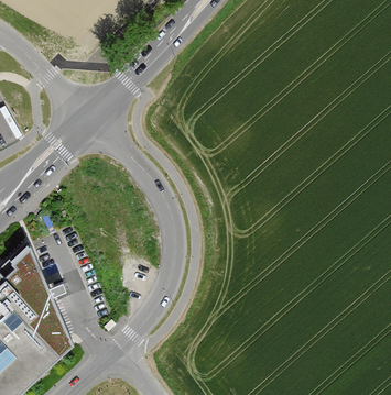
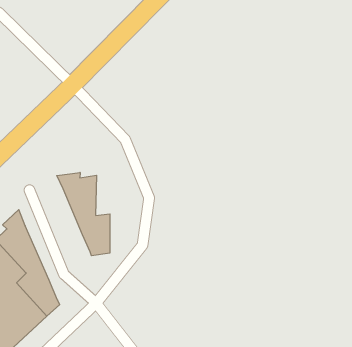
building: none -> [57,172,110,256]

